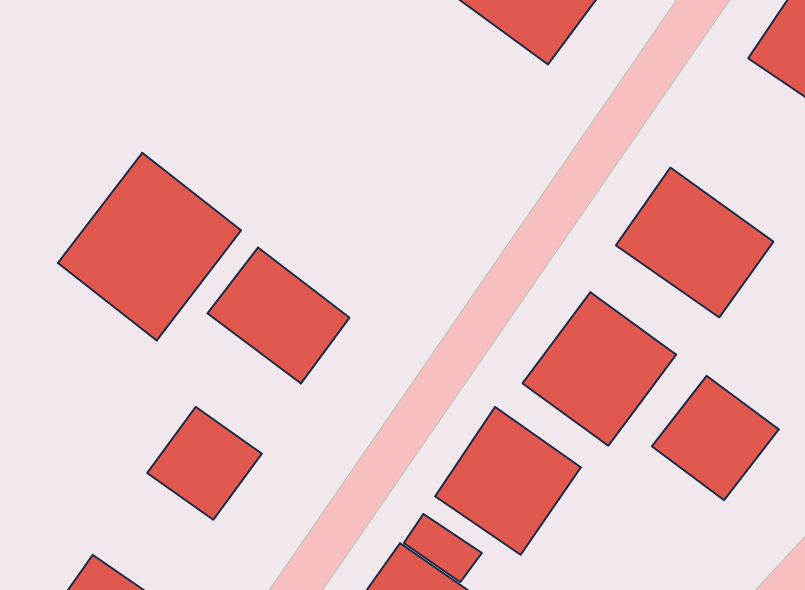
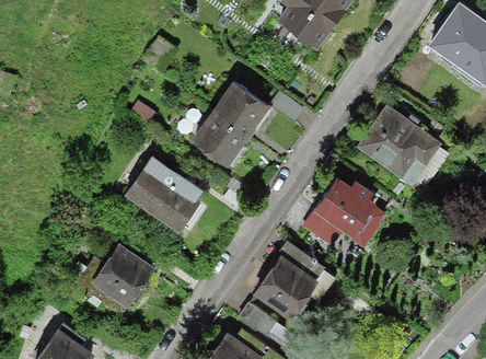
building: none -> [198,86,275,169]
building: [58,153,241,341] -> none
building: [652,376,779,500] -> none

